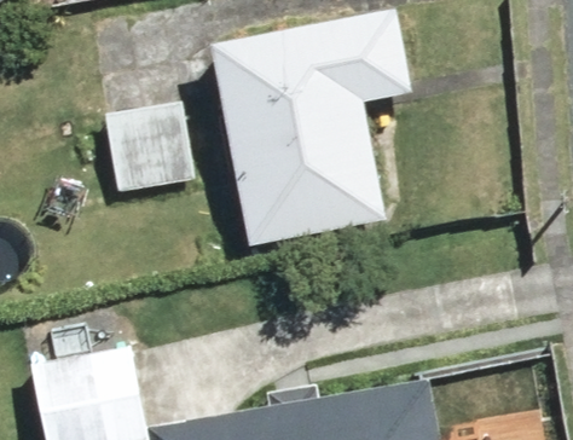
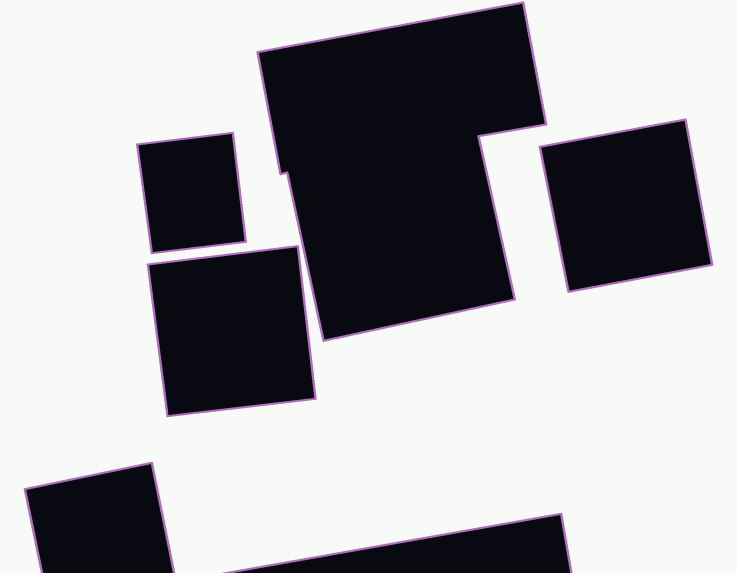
building: none -> [540,119,712,292]
building: none -> [148,246,316,416]

